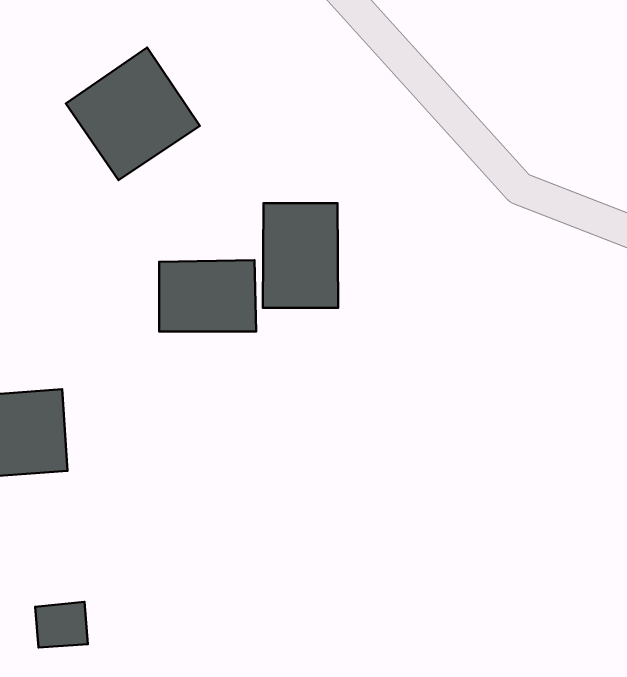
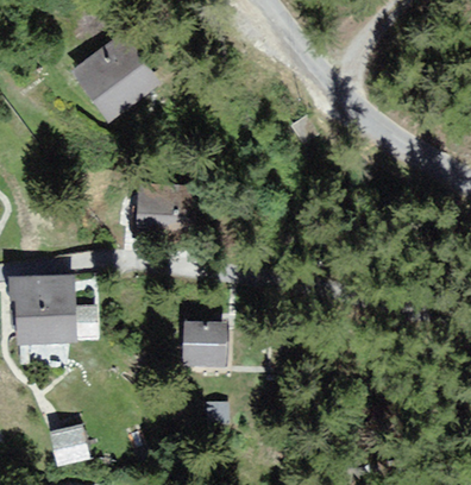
building: [263,203,338,308] -> none
building: none -> [189,319,236,365]

